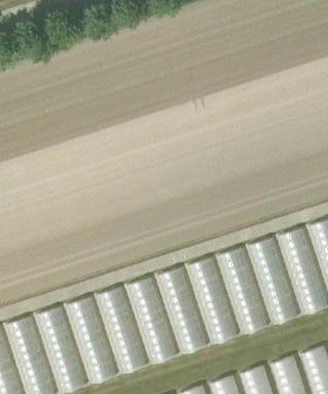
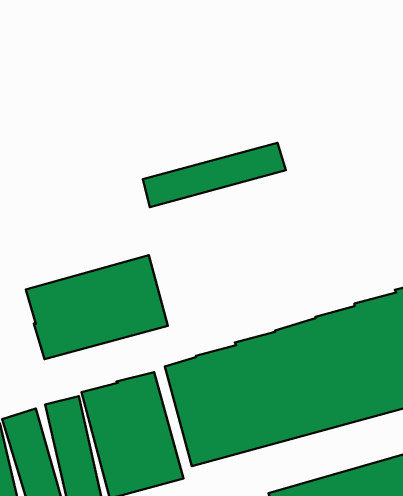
building: none -> [143,143,286,207]
building: none -> [26,255,168,359]

